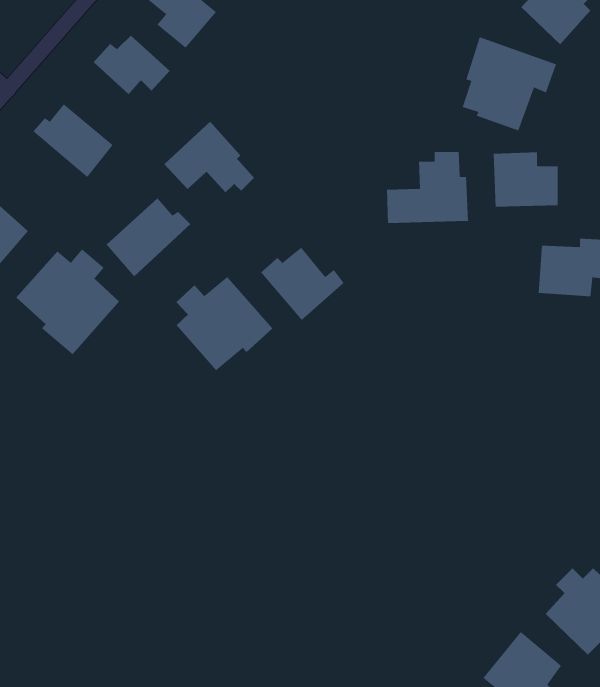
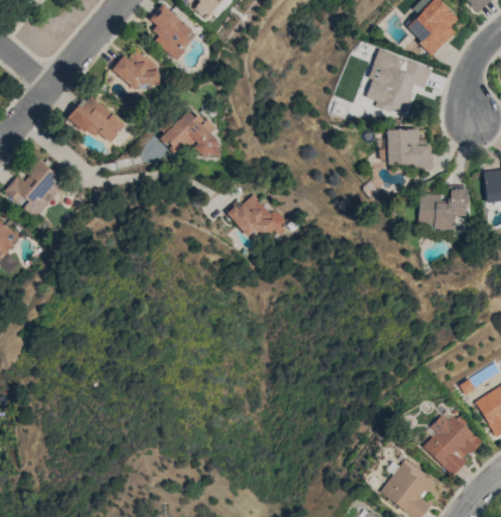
building: [387,151,468,224] -> none
building: [106,198,191,277] -> none
building: [16,249,120,355] -> none
building: [176,276,273,371] -> none

